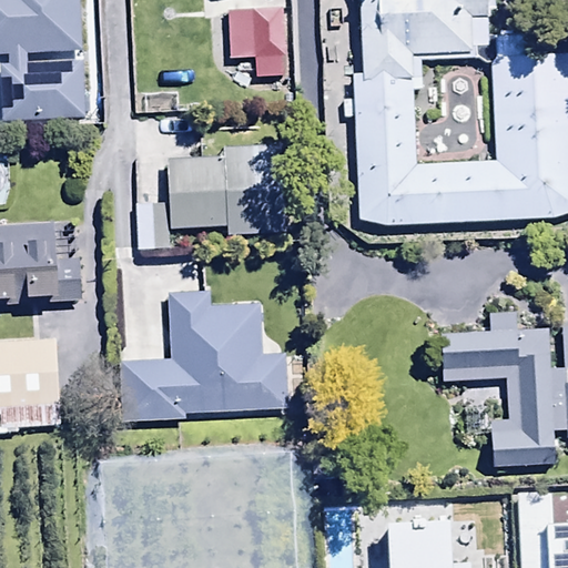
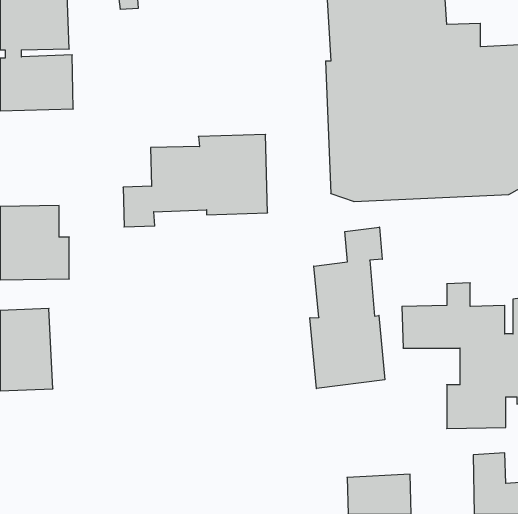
building: [226,9,287,78] -> none
building: none -> [310,227,385,389]
building: [121,291,288,418] -> none

